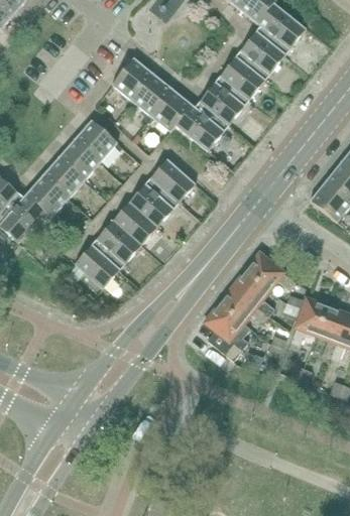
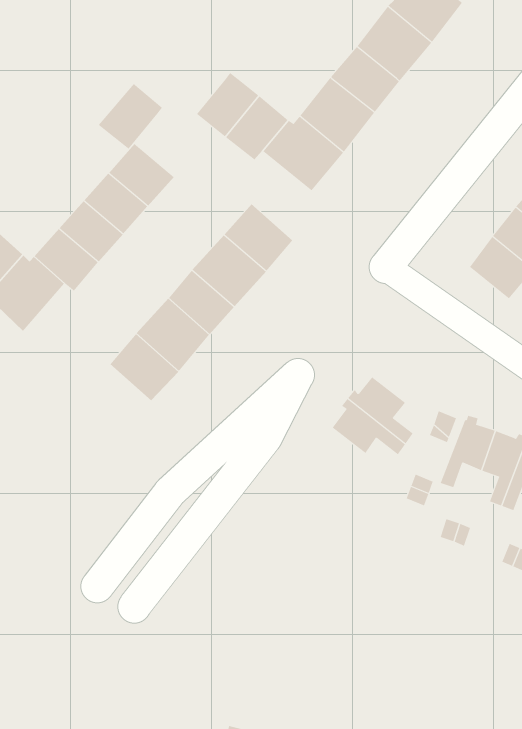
building: [111,56,153,100] -> [98,83,163,149]
building: [246,252,295,289] -> none
building: [204,304,248,361] -> none

